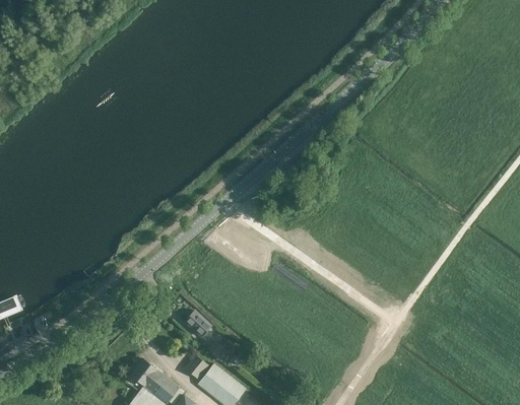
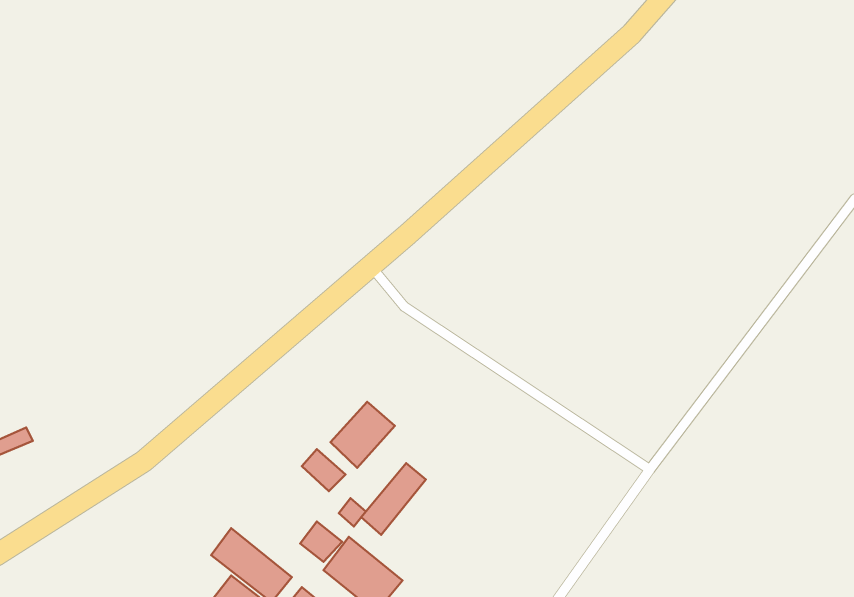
building: none -> [331,402,395,468]
building: none -> [361,463,426,535]

